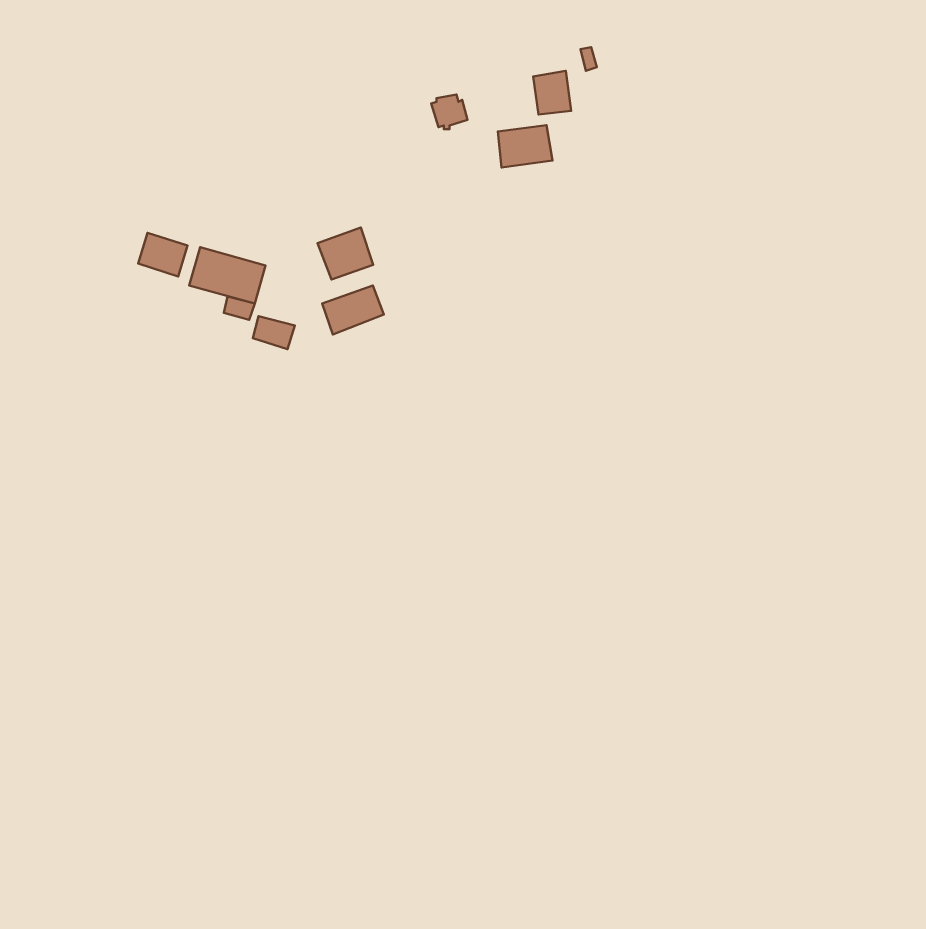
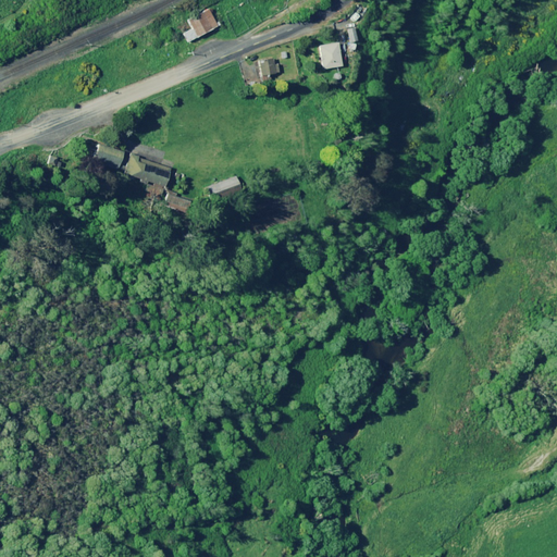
building: none -> [186,9,222,41]
building: [498,125,552,167] -> none
building: [317,228,373,280] -> none

